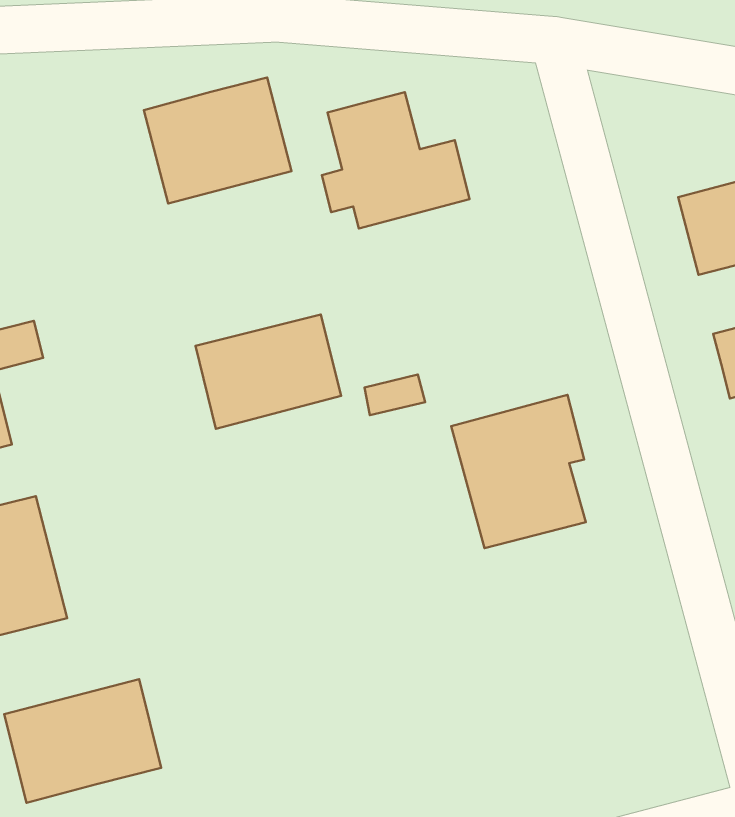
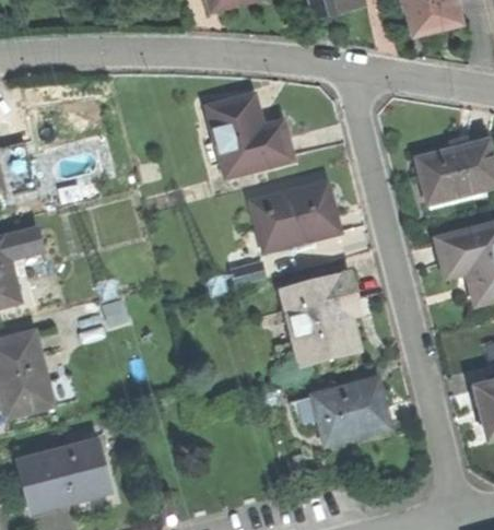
building: [144,77,292,204] -> none
building: [195,315,341,429] -> [251,185,338,252]
building: none -> [313,379,389,443]

